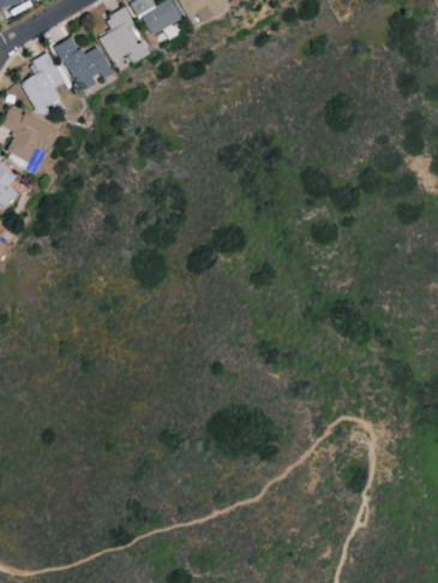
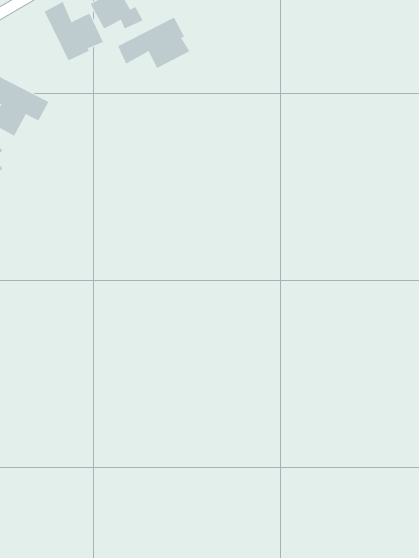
building: none -> [117,17,190,69]
building: [22,53,65,112] -> none

